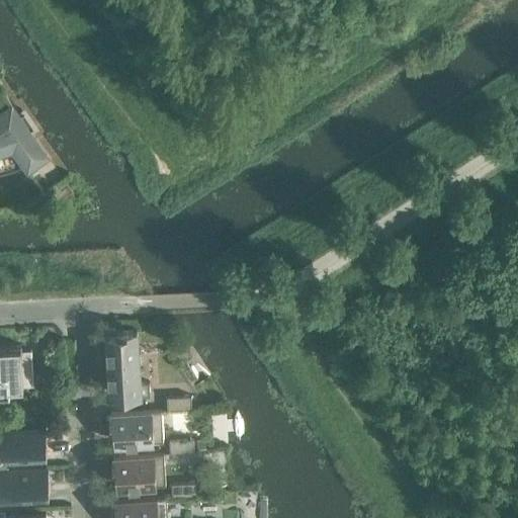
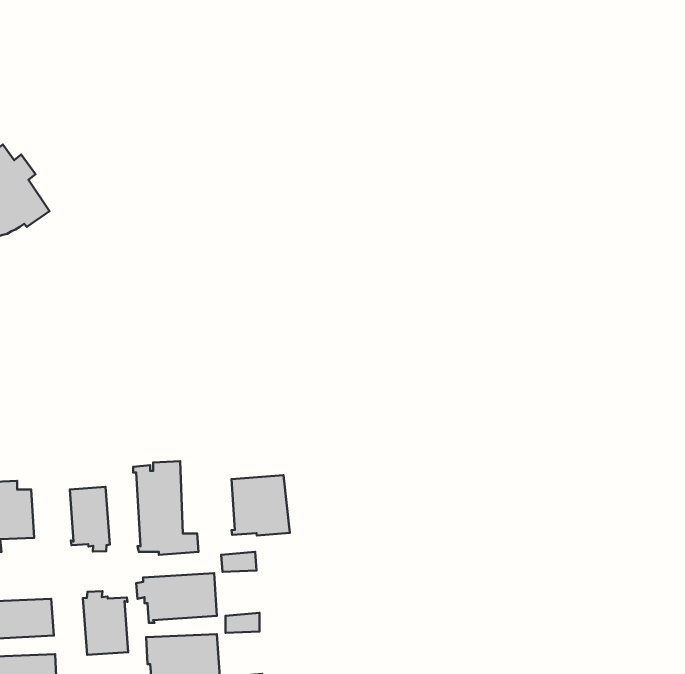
building: none -> [231,475,290,535]
building: none -> [70,487,110,552]
building: none -> [83,591,128,655]

